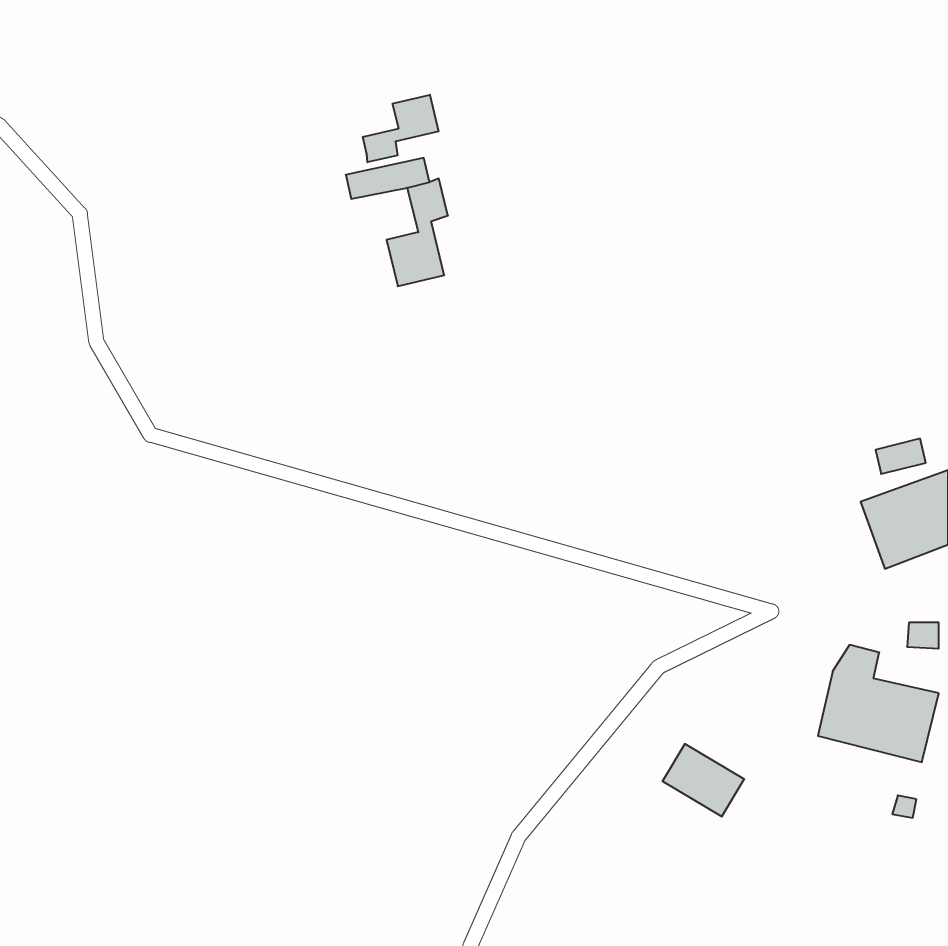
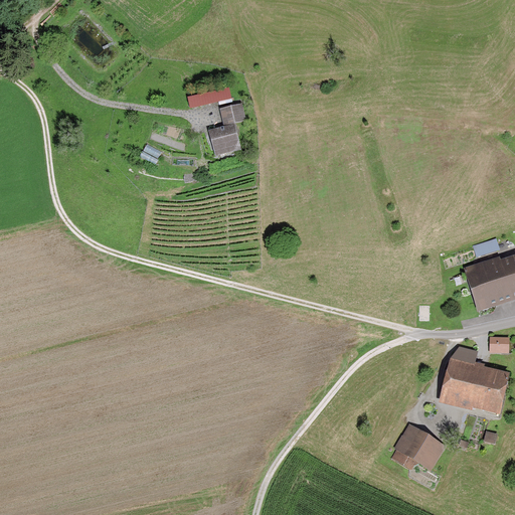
building: [363,95,439,162] -> none
building: [662,744,744,816] -> [397,426,442,466]

